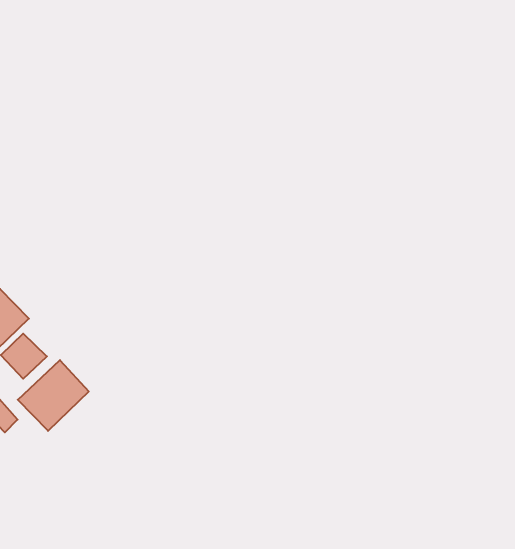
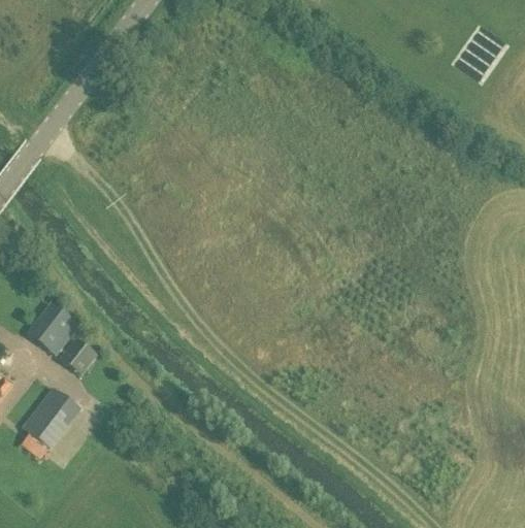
building: [18,360,89,431] -> none

